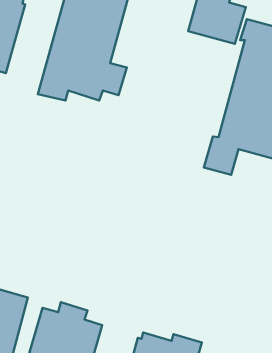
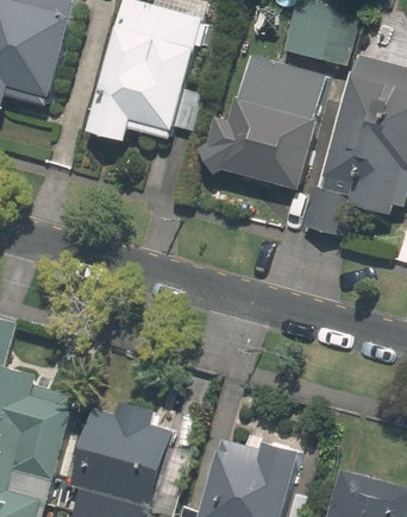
building: none -> [200,57,330,189]

